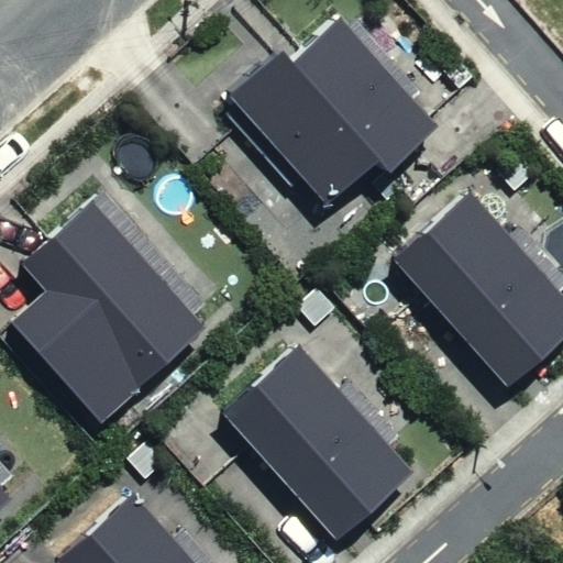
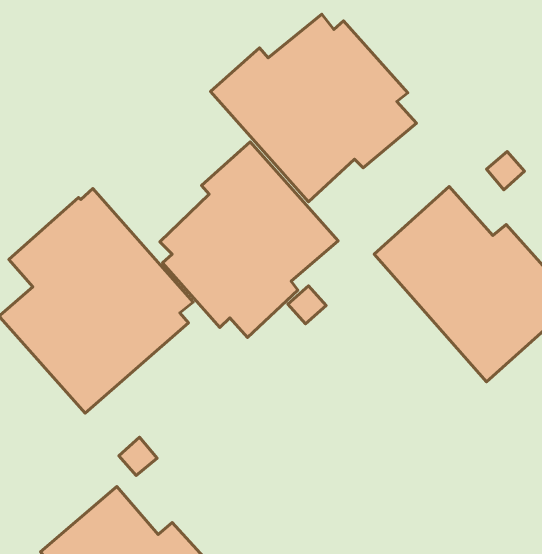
building: none -> [160,142,338,338]
building: [222,346,415,541] -> none

